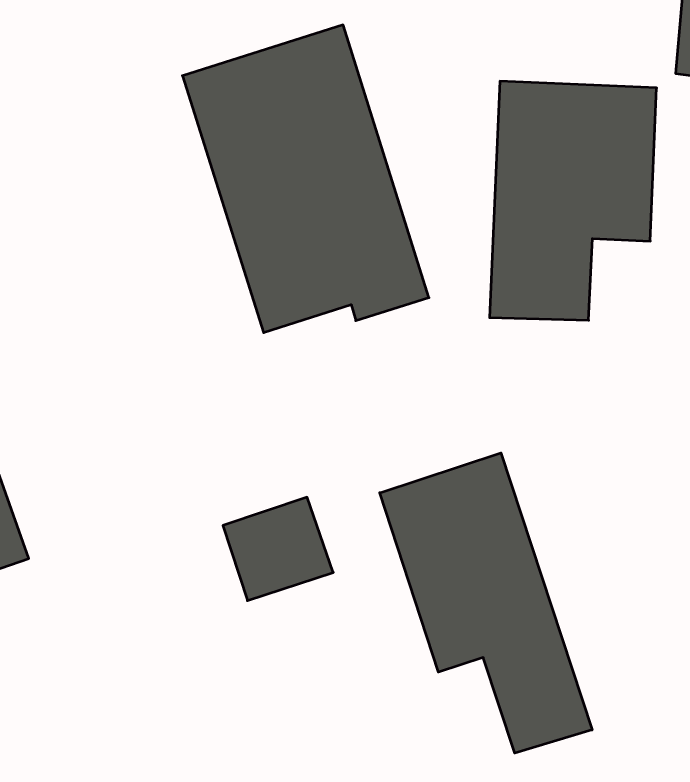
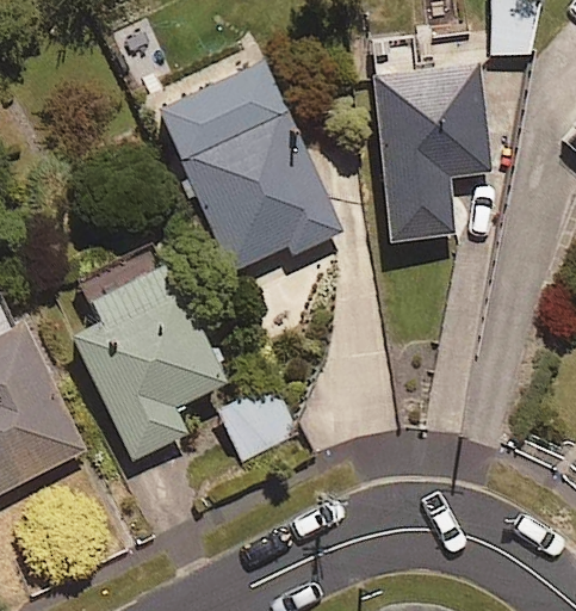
building: none -> [70,263,224,459]
building: [380,453,592,753] -> none

